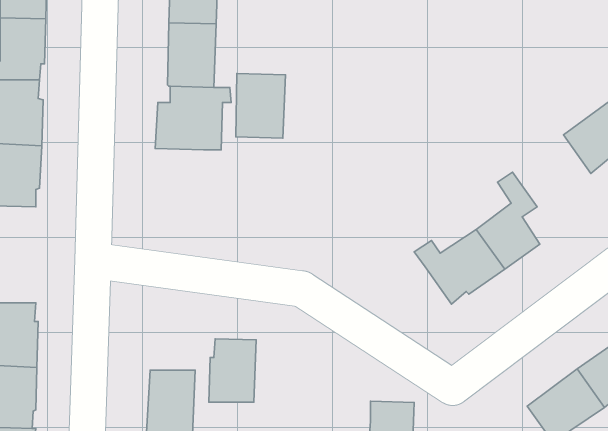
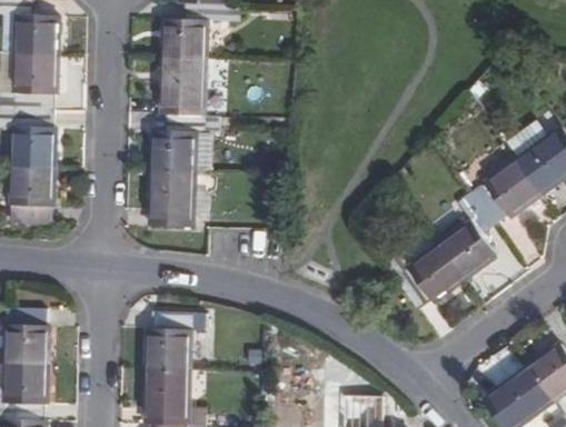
building: [236,73,285,138] -> [150,170,195,228]
building: none -> [470,158,540,222]
building: [209,339,256,402] -> [147,311,189,368]

